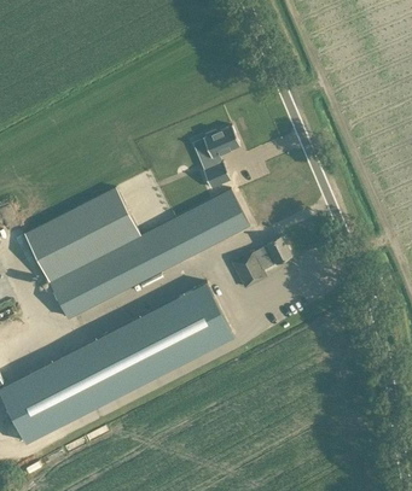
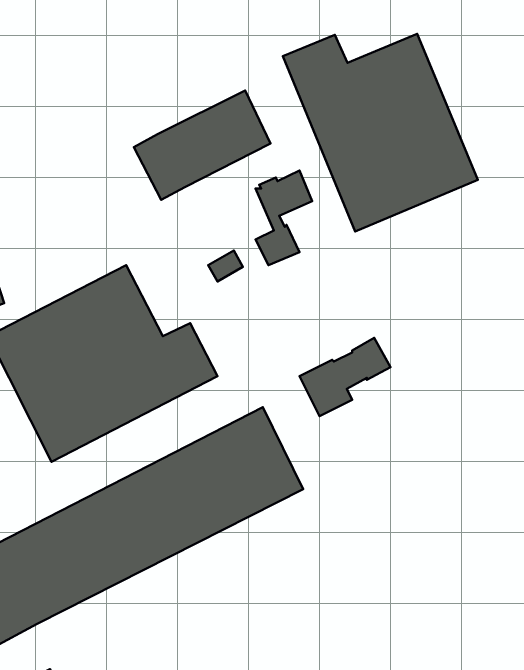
building: none -> [283,34,478,231]
building: [158,191,249,263] -> [134,91,271,200]

